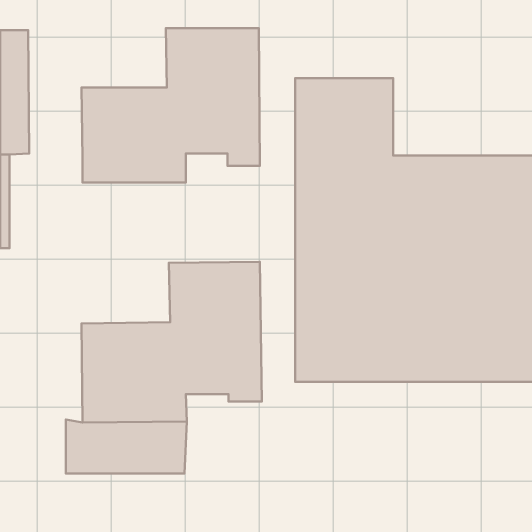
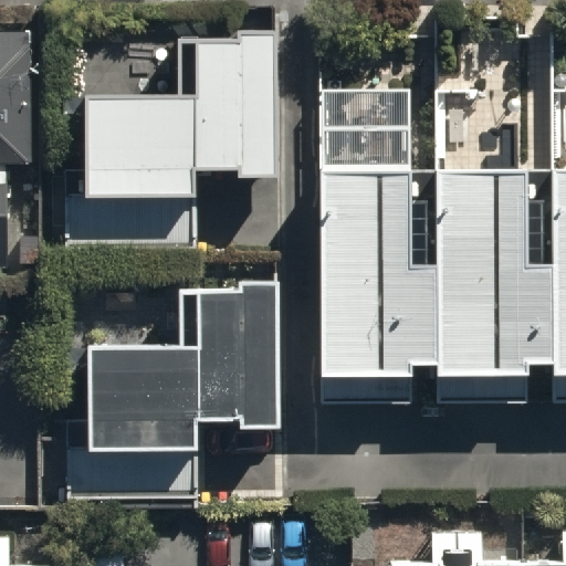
building: none -> [67,169,198,244]

